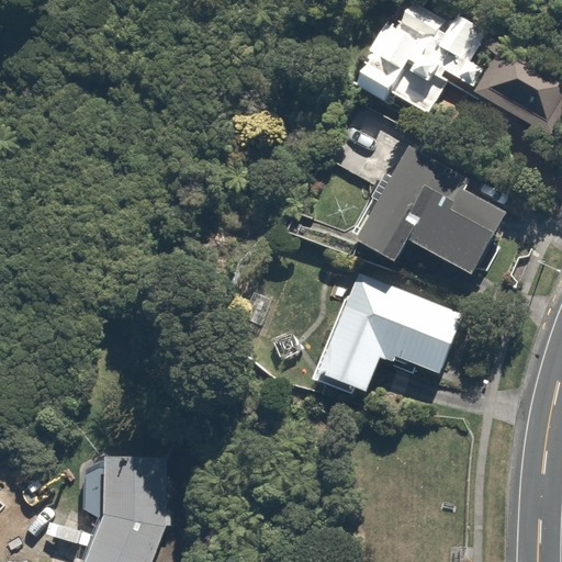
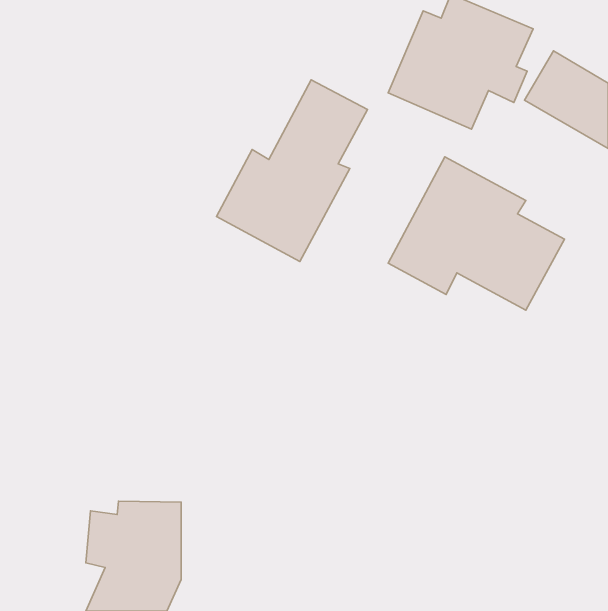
building: none -> [217,80,367,261]
building: [315,271,463,396] -> none

